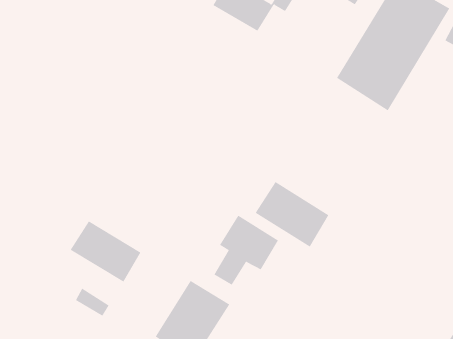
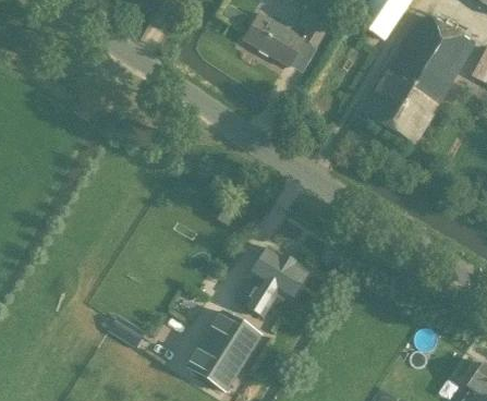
building: [255,181,329,247] -> none
building: [70,220,141,282] -> none

